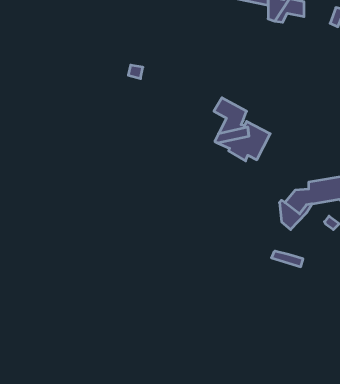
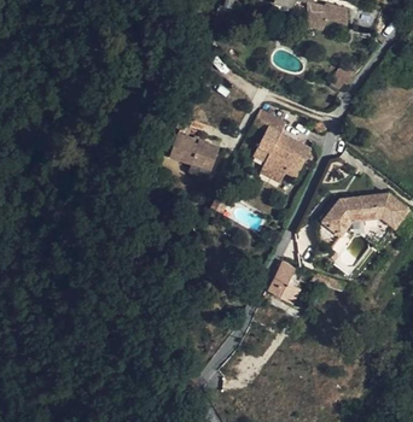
building: none -> [169,131,220,169]
building: none -> [268,258,301,303]

